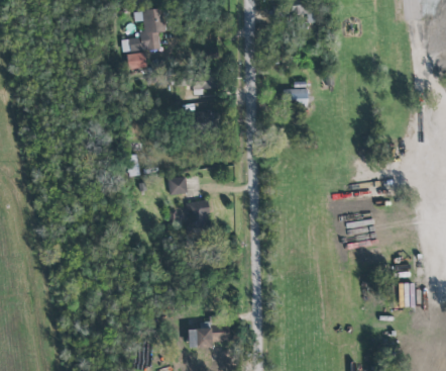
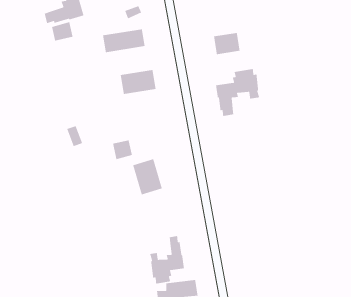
building: none -> [215,68,260,117]
building: none -> [149,235,185,284]

